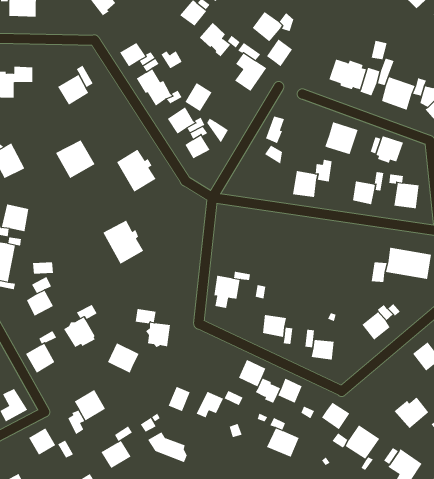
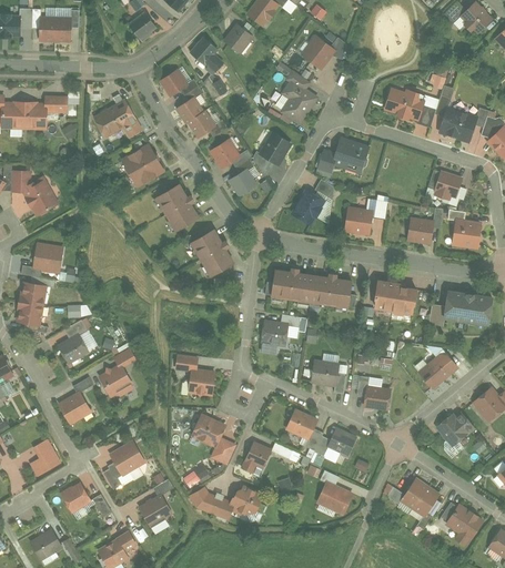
building: [199,22,231,57] -> [190,36,224,73]
building: [266,39,293,67] -> none
building: [185,82,213,112] -> [261,132,291,164]
building: [324,122,359,155] -> [332,136,368,172]
building: [55,139,96,179] -> [120,143,163,185]
building: none -> [291,189,324,224]
building: [103,220,144,264] -> [190,229,234,276]
building: none -> [272,267,352,306]
building: none -> [373,278,418,314]
building: [107,342,139,373] -> [191,414,225,447]
building: [394,397,429,429] -> [436,412,474,446]
building: [321,402,350,430] -> none
building: none -> [229,483,264,515]

